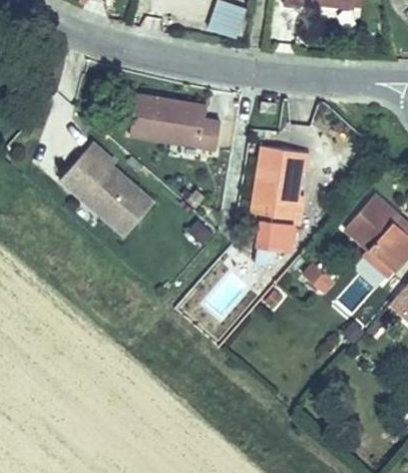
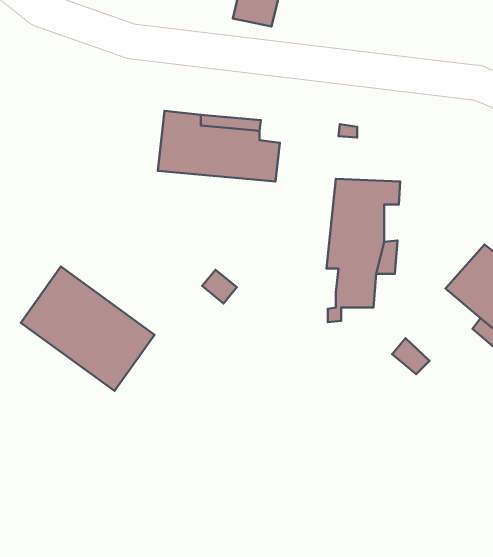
building: [40,139,140,232] -> [21,267,155,391]

